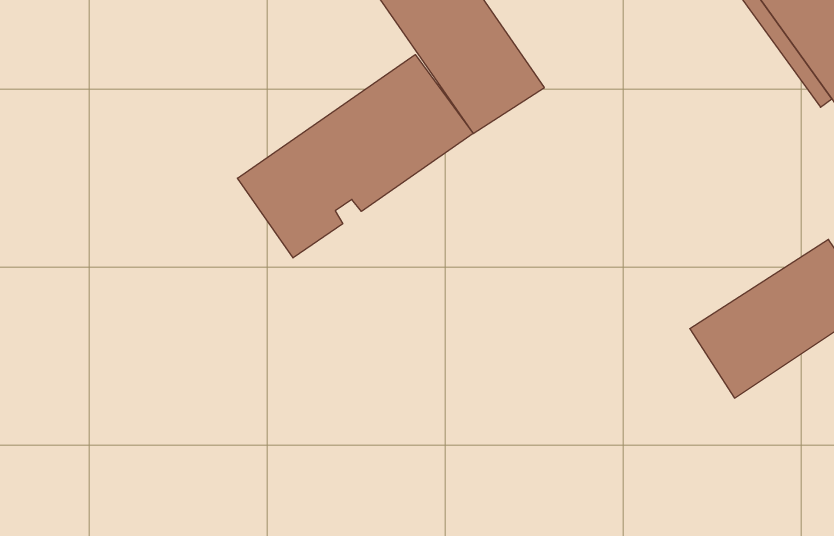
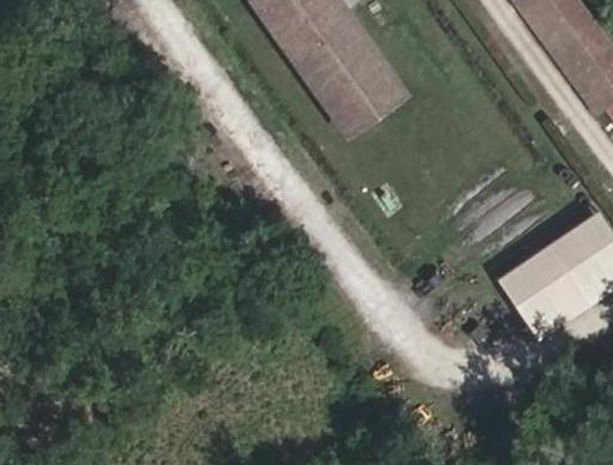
building: [237,55,473,258] -> none

